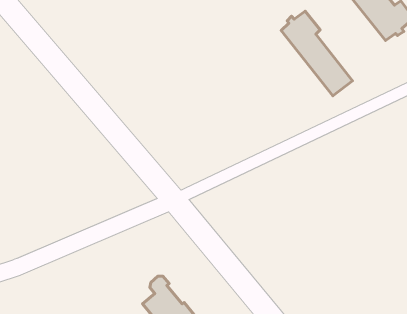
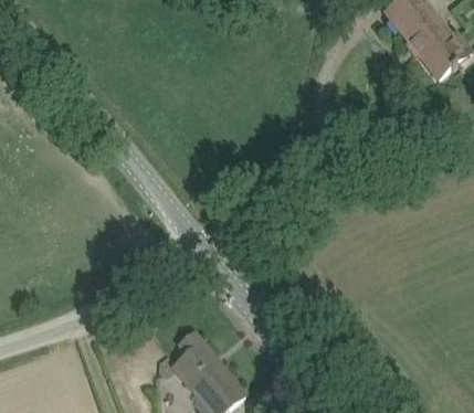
building: [281,11,352,96] -> none

